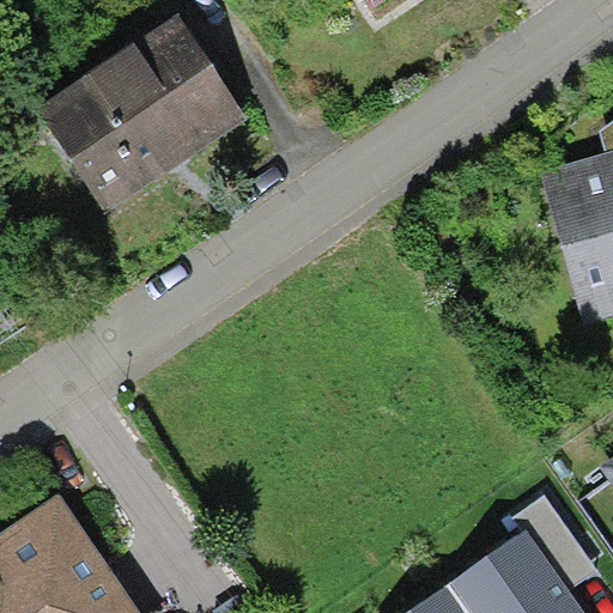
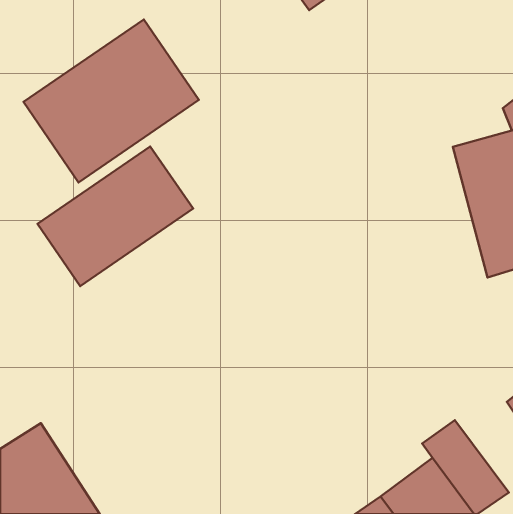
building: none -> [37,146,193,286]

